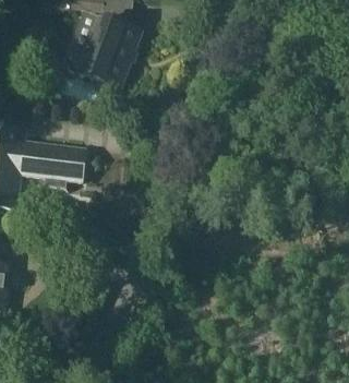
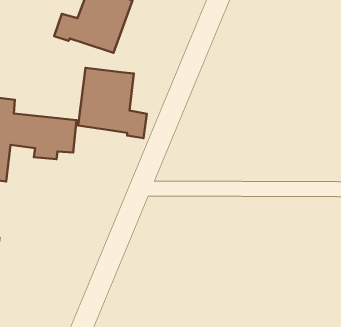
building: none -> [78,68,147,138]

